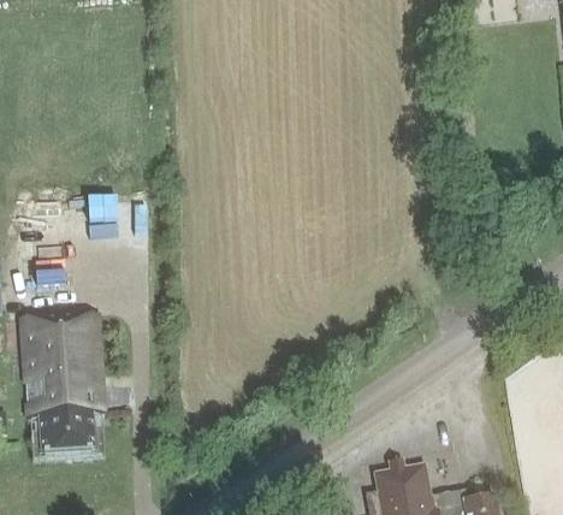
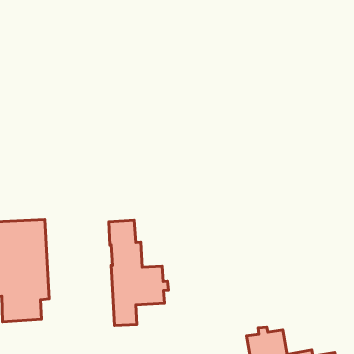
building: none -> [109,220,169,326]

